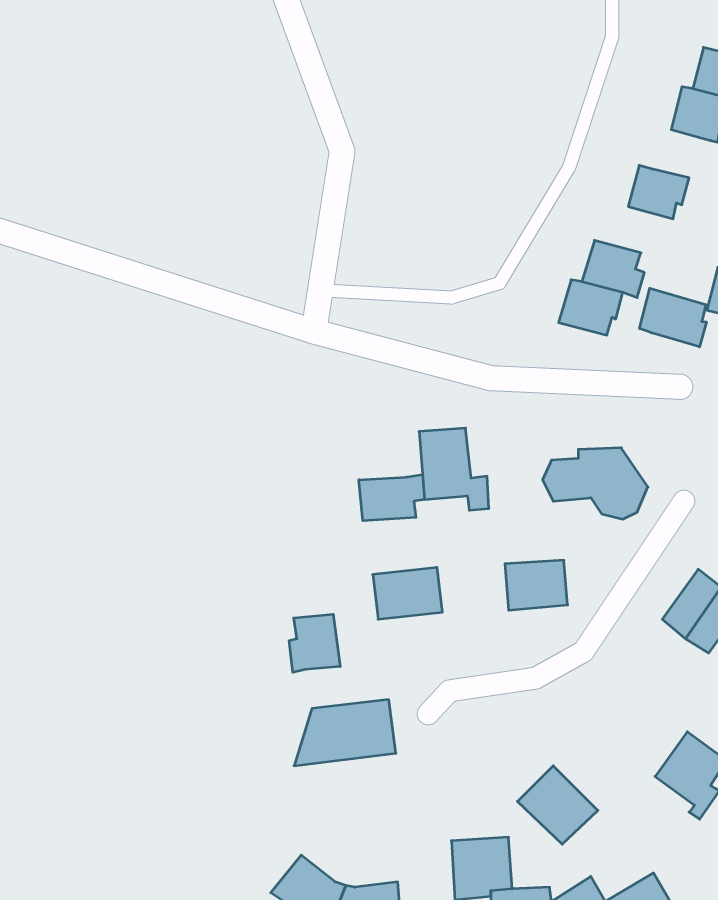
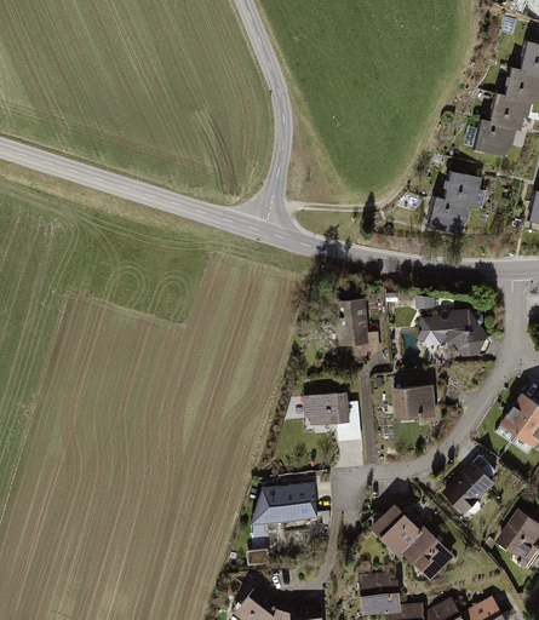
building: none -> [492,93,532,128]
building: [640,288,706,347] -> none
building: [359,475,424,521] -> none
building: [289,614,340,672] -> none
building: none -> [440,460,493,515]
building: none -> [369,503,420,555]

